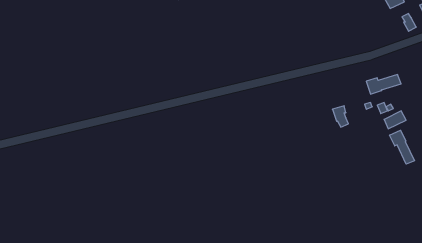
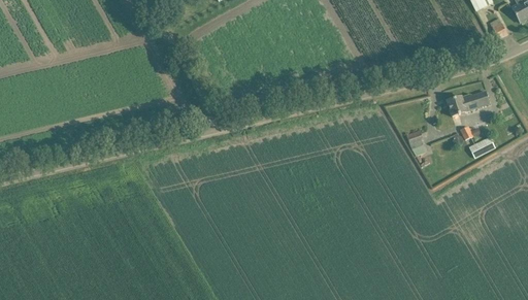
building: [390,130,414,164] -> none

